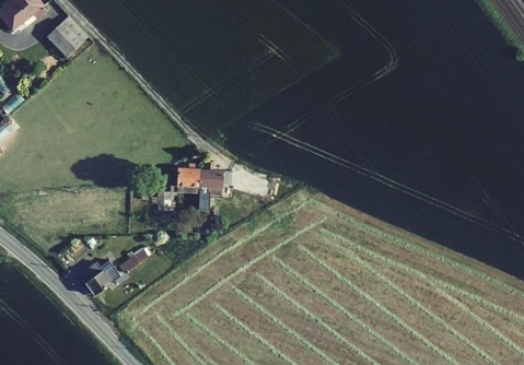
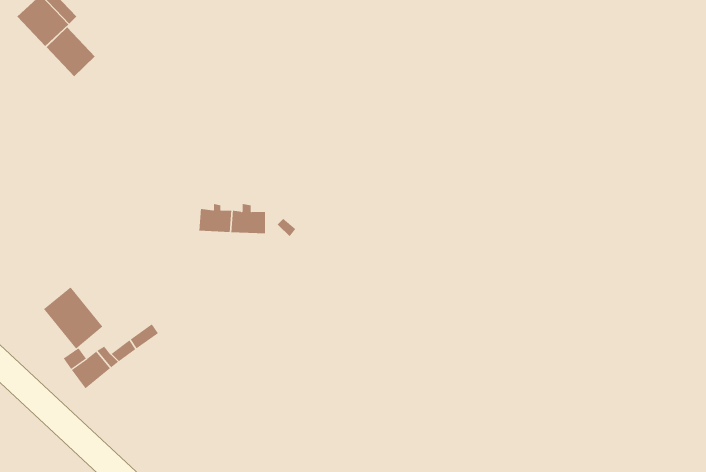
building: none -> [46,27,96,77]
building: none -> [43,287,103,349]

